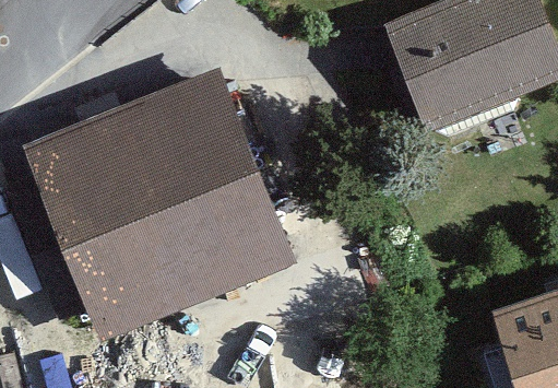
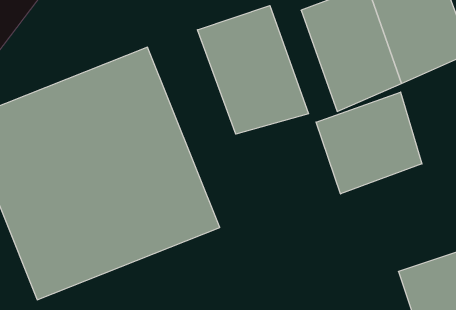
building: none -> [197,6,308,134]
building: none -> [316,92,422,194]

